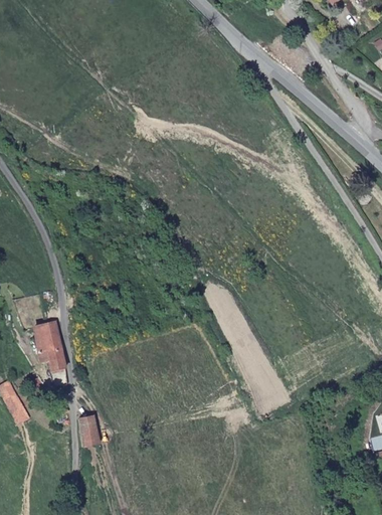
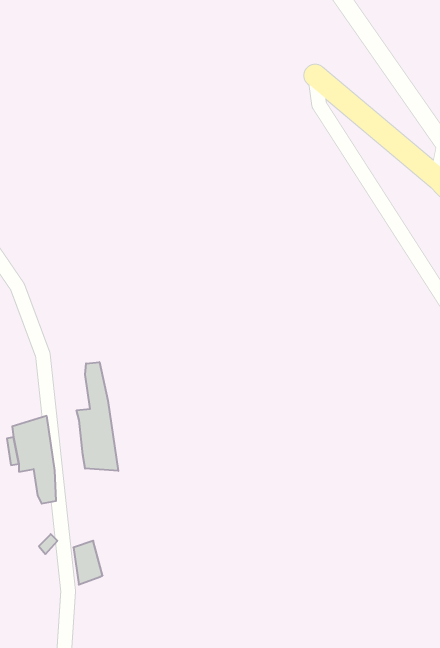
building: none -> [77,362,118,471]

